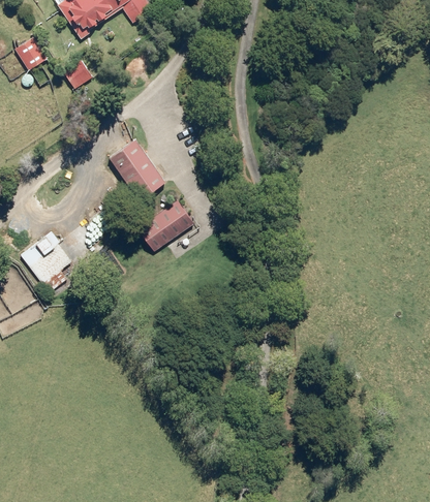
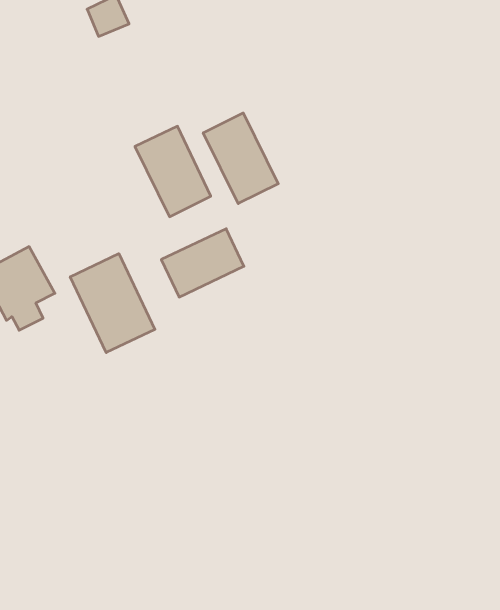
building: none -> [203,113,278,204]
building: none -> [70,254,155,353]

